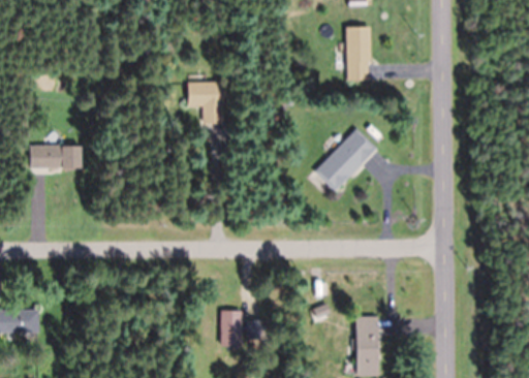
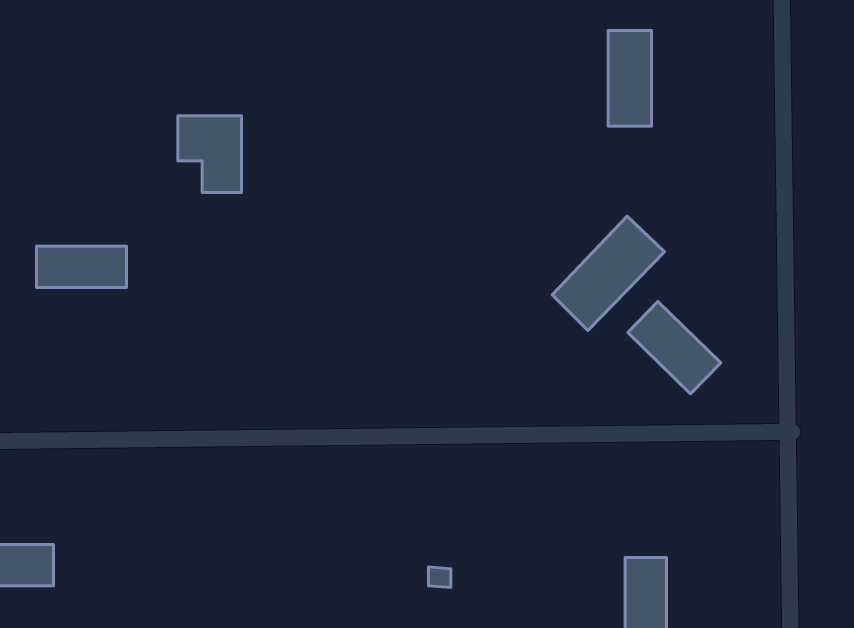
building: [188,82,223,124] -> [178,116,241,193]
building: none -> [628,301,721,394]
building: [220,312,242,348] -> none

